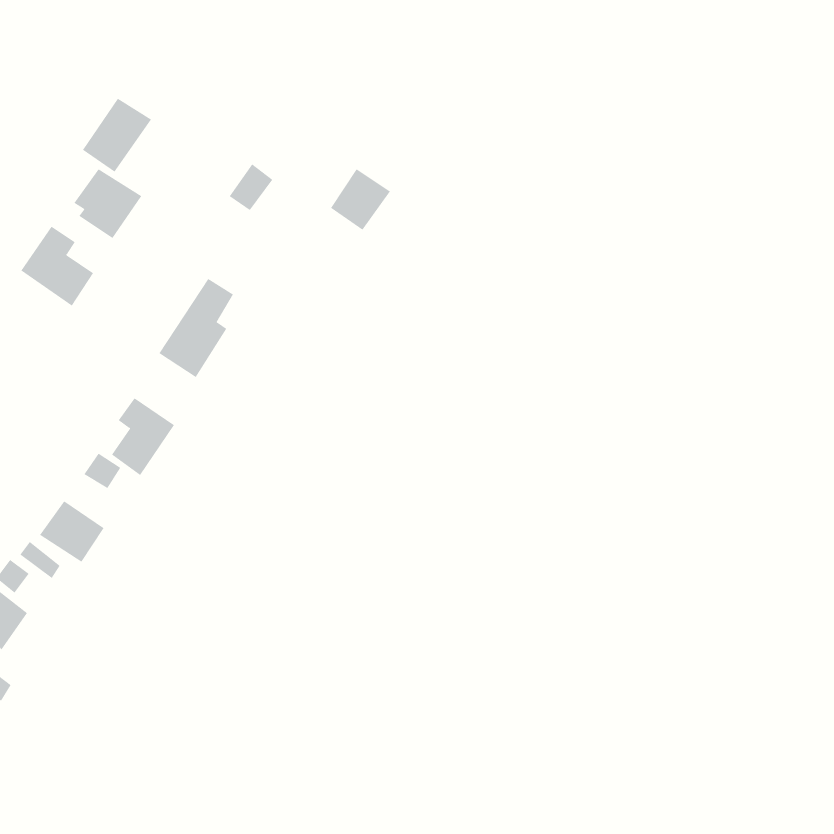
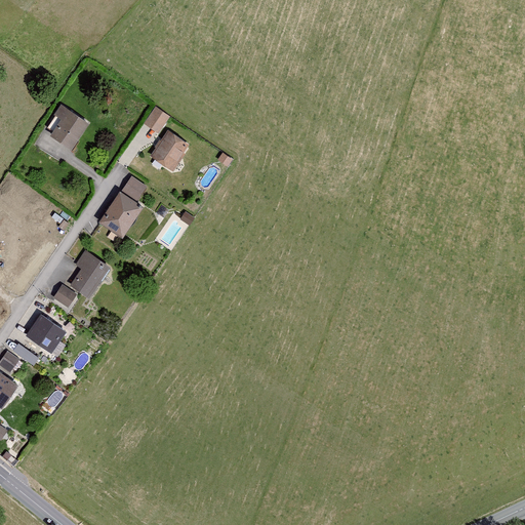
building: [82,98,152,172] -> none
building: [330,168,391,231] -> [151,130,189,169]
building: [20,226,94,307] -> none

